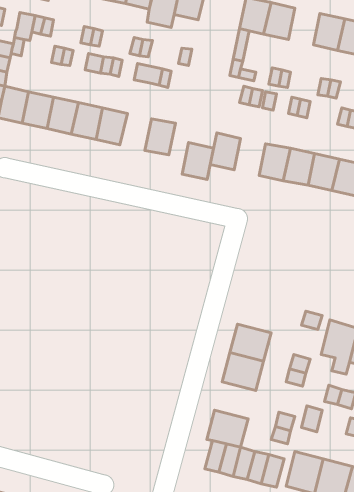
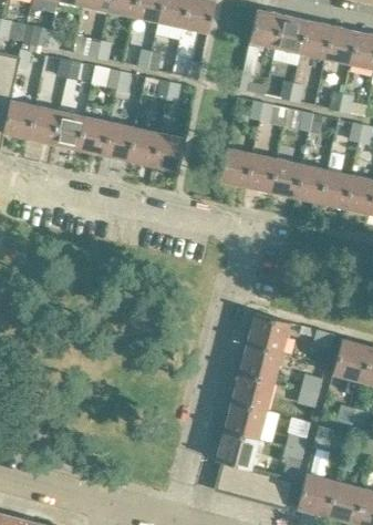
building: none -> [299,20,331,58]
building: none -> [127,127,159,165]
building: [182,143,214,180] -> [244,153,276,191]
building: none -> [247,312,289,351]
building: none -> [224,401,266,439]

